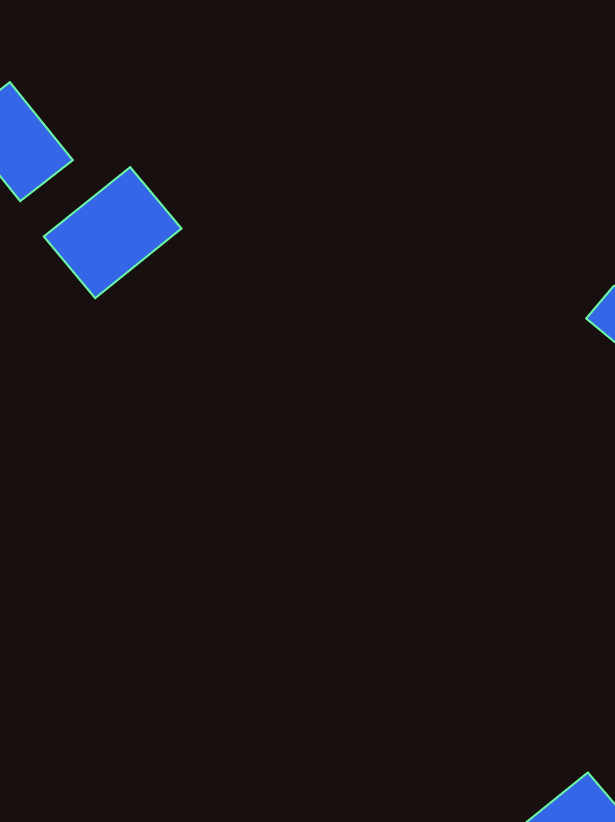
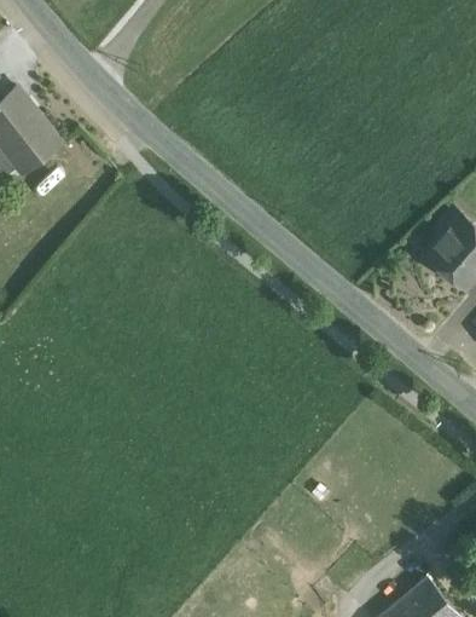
building: [44,167,181,298] -> none

